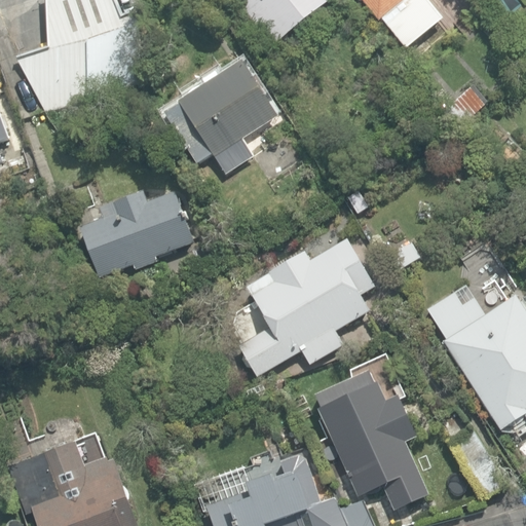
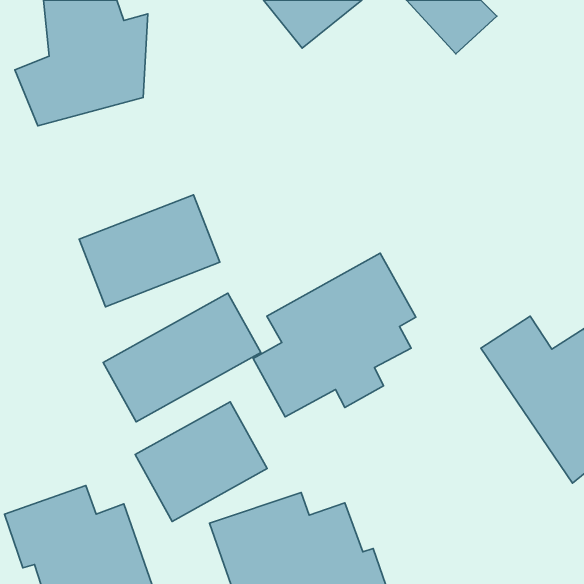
building: [167,61,276,174] -> none
building: none -> [103,293,261,422]
building: [307,352,431,519] -> none
building: none -> [135,402,267,521]

